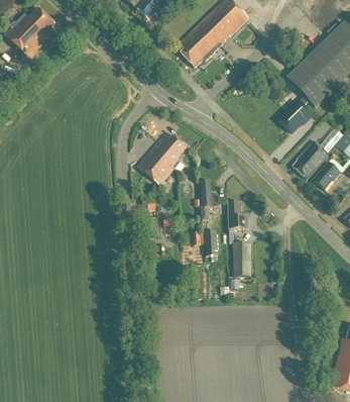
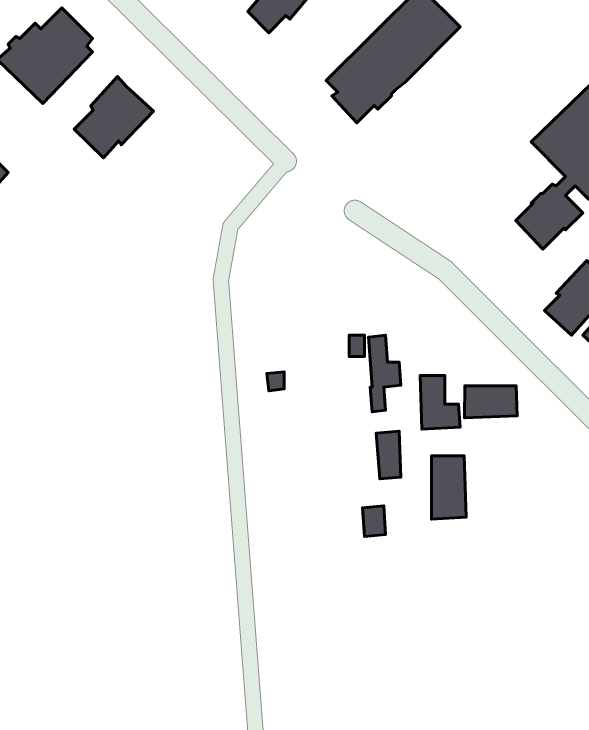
building: none -> [74,76,154,158]
building: [137,132,187,184] -> none
building: none -> [464,386,517,418]

